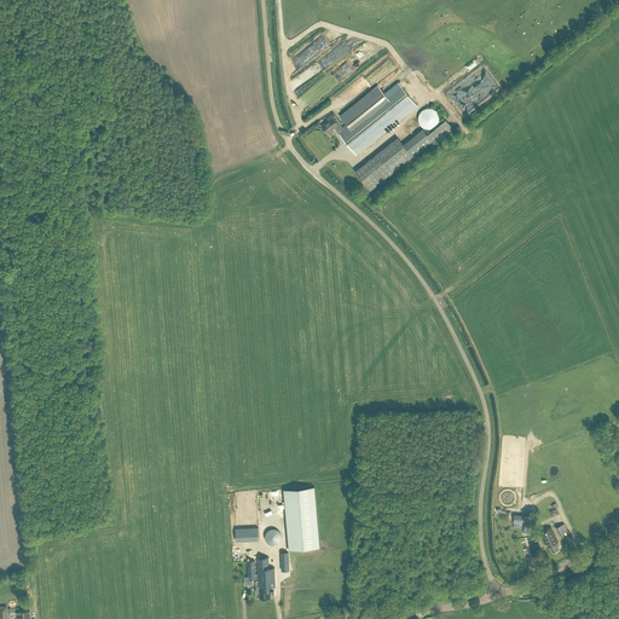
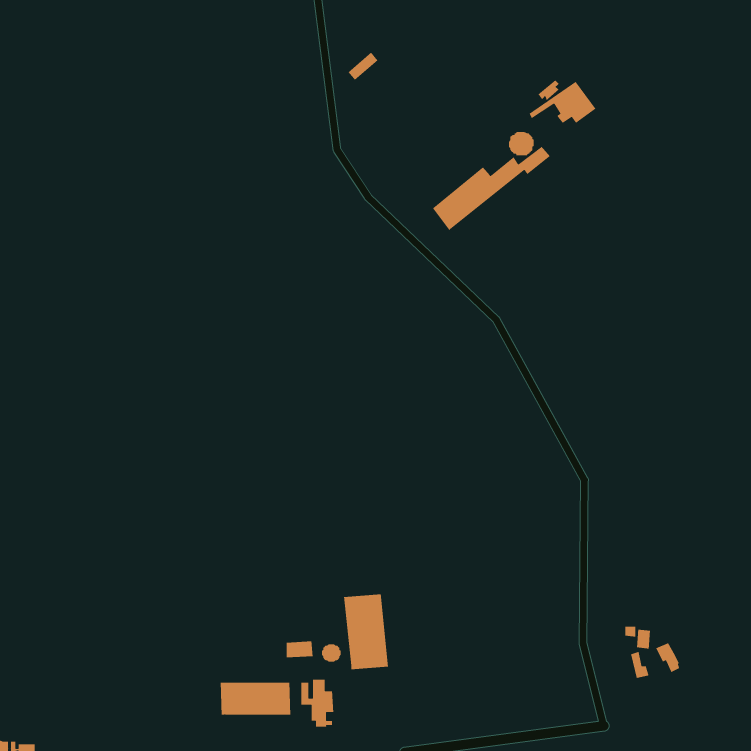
building: [320,86,416,156] -> none
building: none -> [220,682,291,716]

